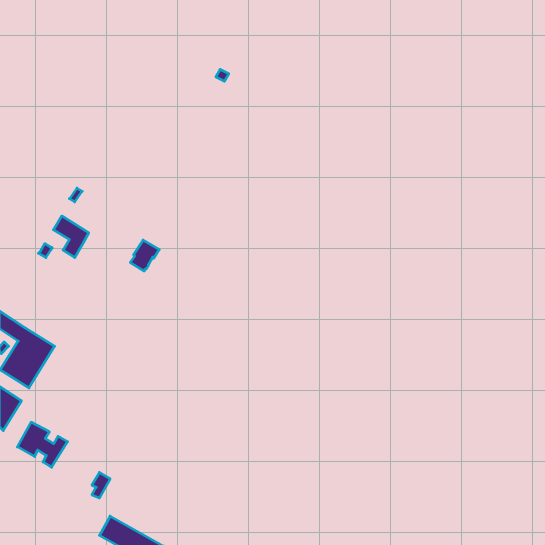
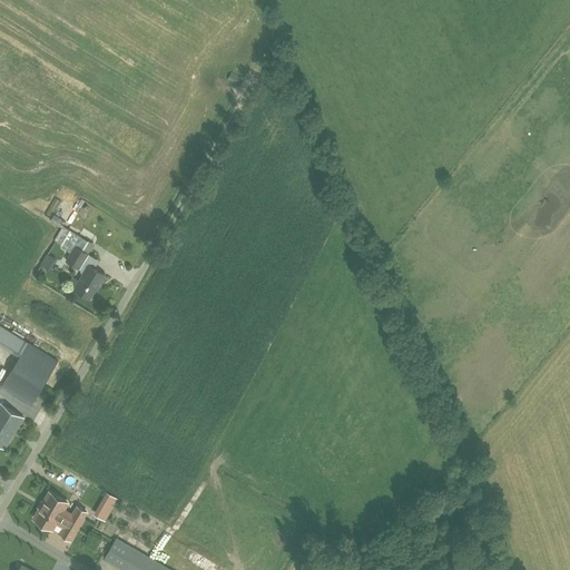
building: [130,240,159,271] -> [75,266,105,298]
building: [17,422,68,467] -> [33,493,86,540]

